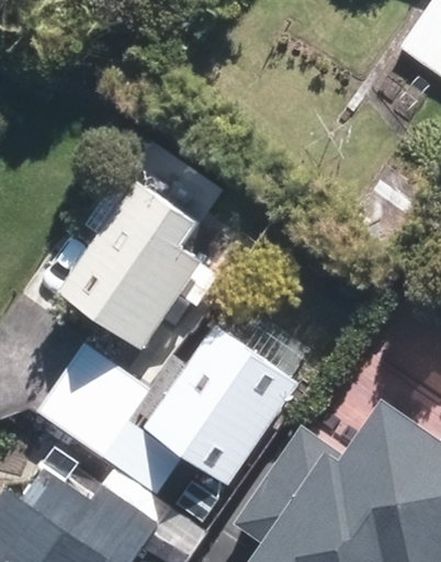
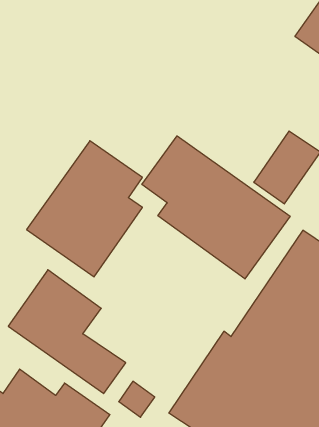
building: none -> [142,136,290,279]
building: [140,327,298,487] -> none

